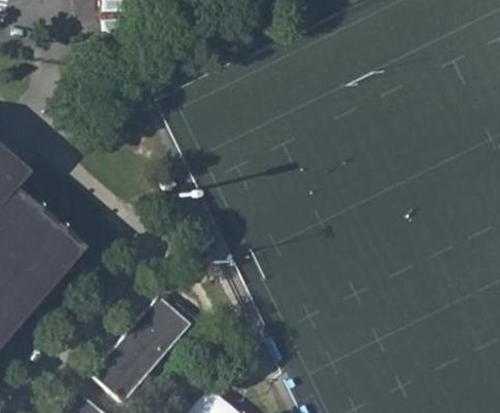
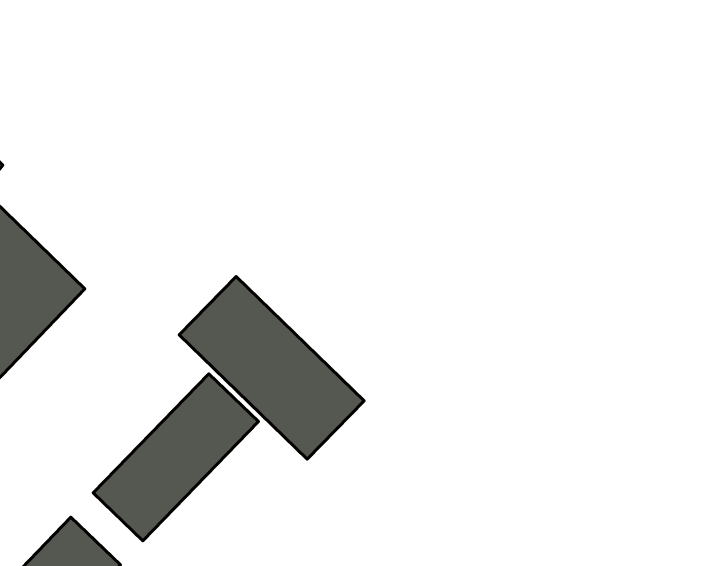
building: none -> [179,277,364,459]

